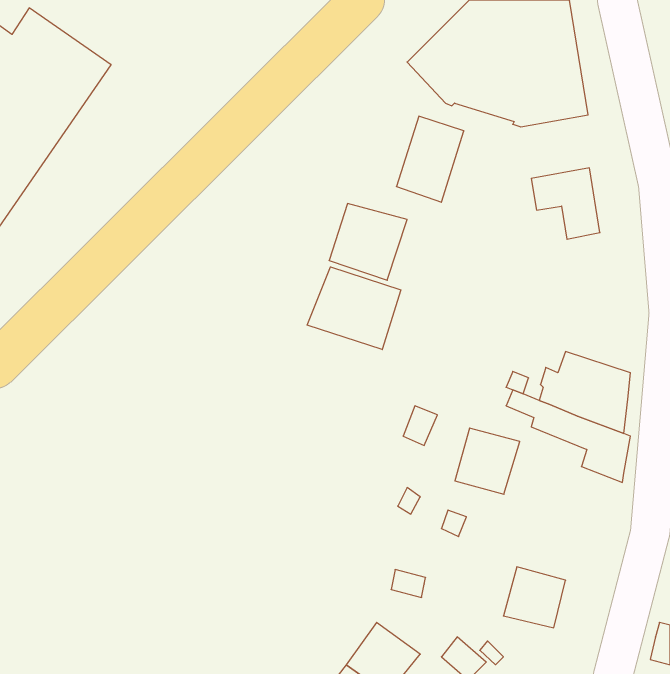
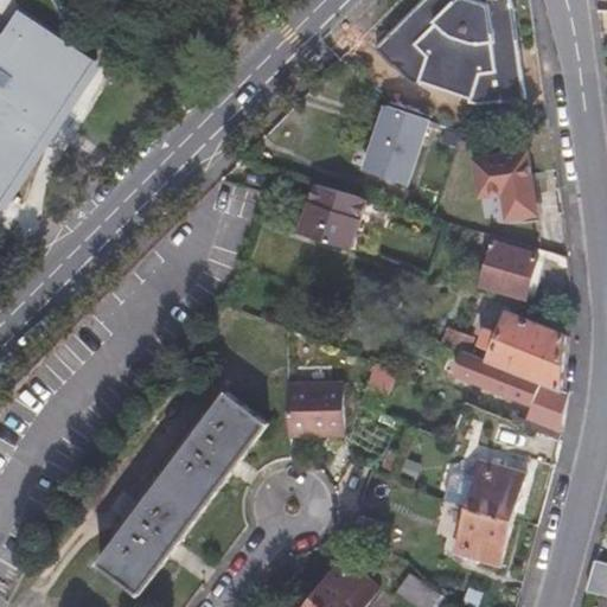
building: none -> [484,239,539,299]
building: [307,267,401,350] -> none
building: none -> [283,382,343,436]
building: [455,428,520,494] -> [464,462,522,522]
building: none -> [98,386,257,594]

